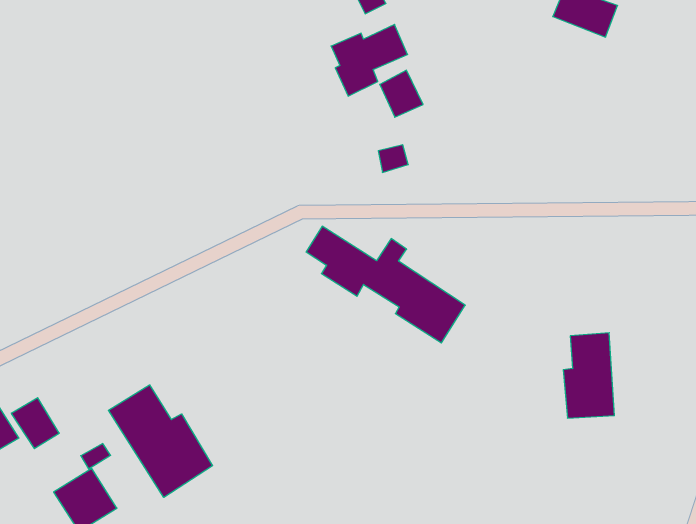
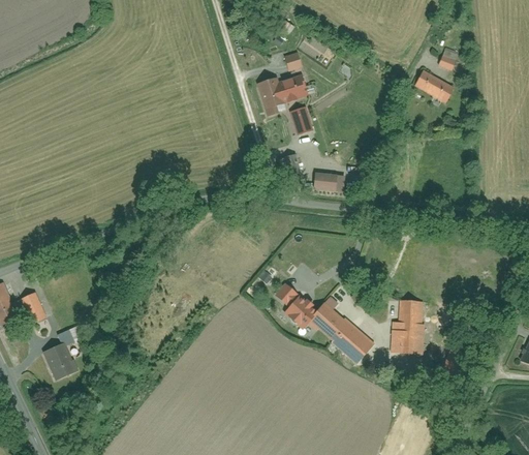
building: none -> [310,169,334,189]
building: [306,226,465,343] -> [271,277,371,363]
building: [108,385,213,497] -> none

